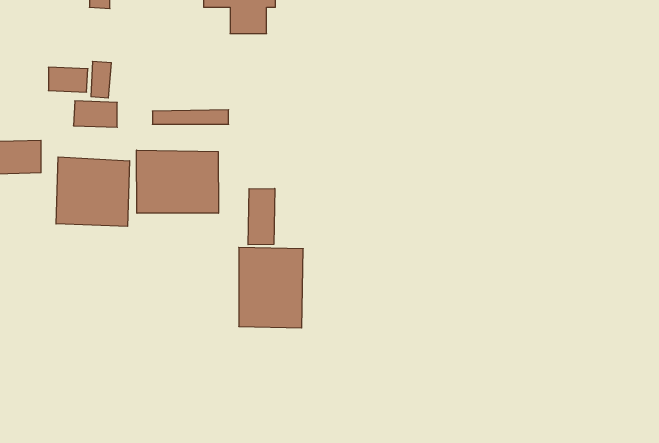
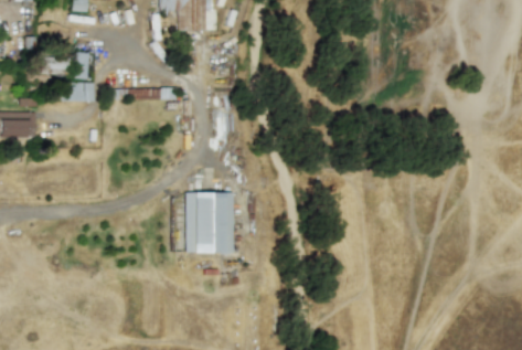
building: [137,150,218,213] -> none
building: [56,157,130,226] -> none
building: [248,188,275,245] -> none

